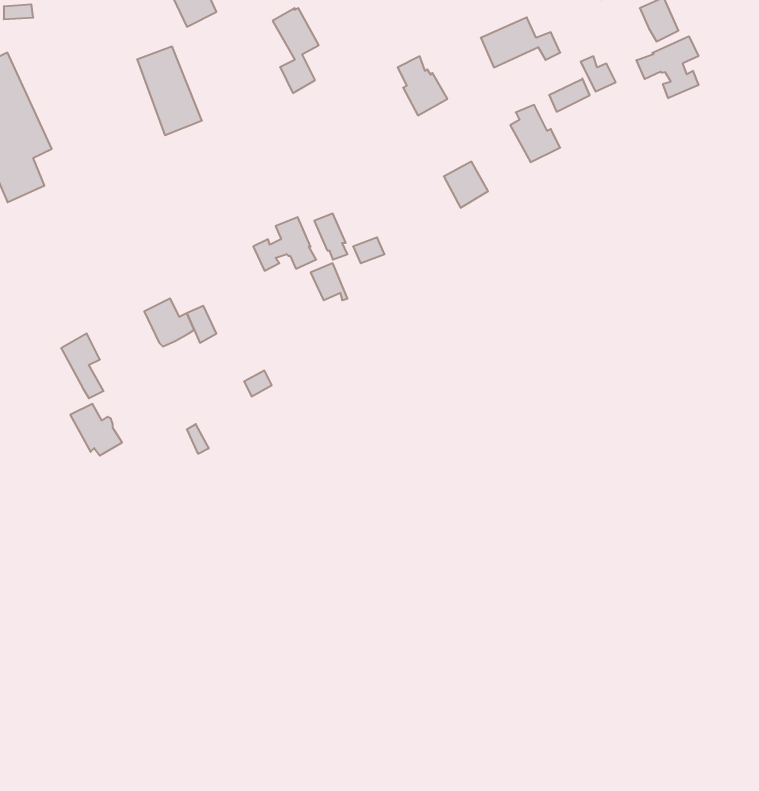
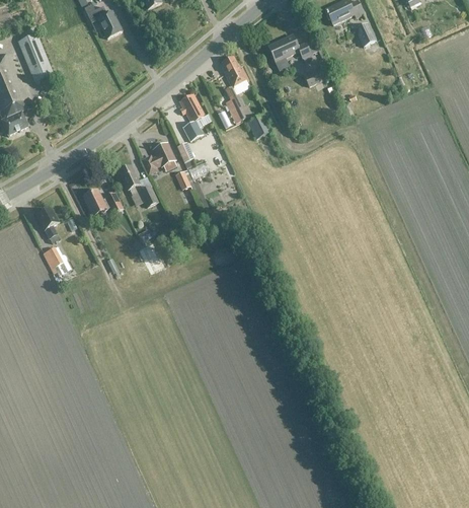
building: [273,8,319,93] -> [178,93,204,140]
building: [636,36,698,98] -> none
building: [137,47,202,135] -> [17,32,53,81]
building: [510,105,560,162] -> [224,90,251,122]
building: none -> [119,164,157,206]

